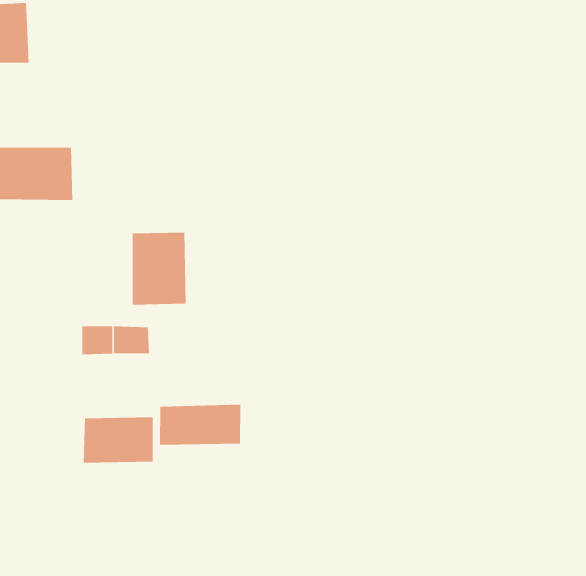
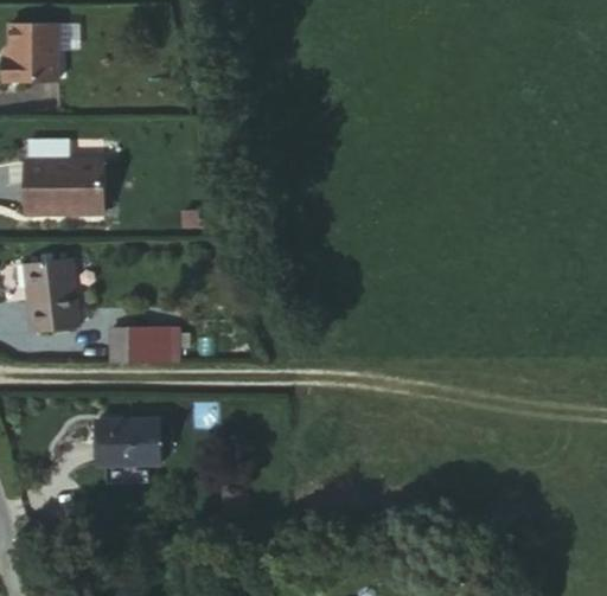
building: [132,232,186,305] -> [28,261,82,332]
building: [159,404,241,446] -> none

